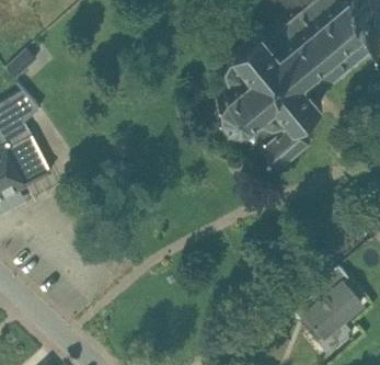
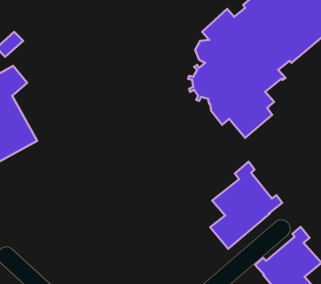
building: none -> [210,162,282,249]

